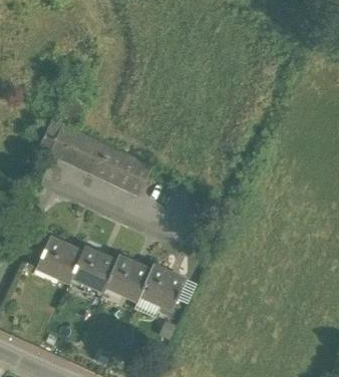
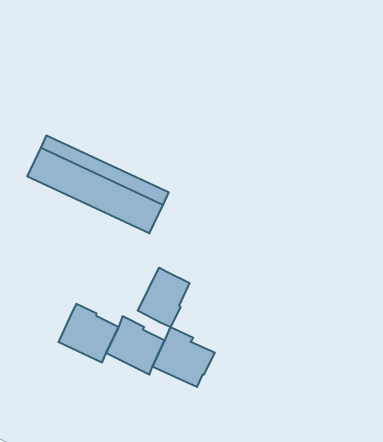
building: none -> [138,268,190,327]
building: [35,237,79,282] -> none

